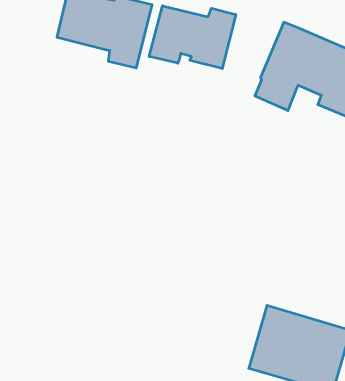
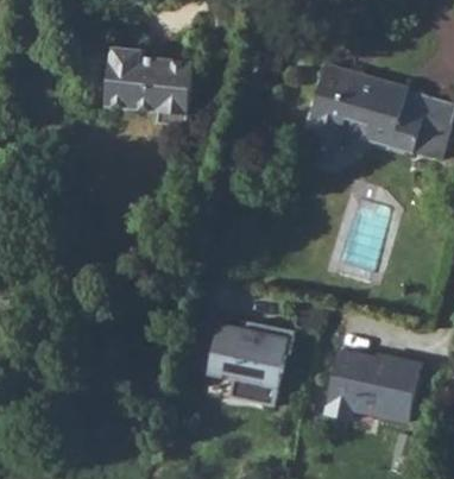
building: [149,6,236,69] -> none
building: none -> [210,319,296,403]

